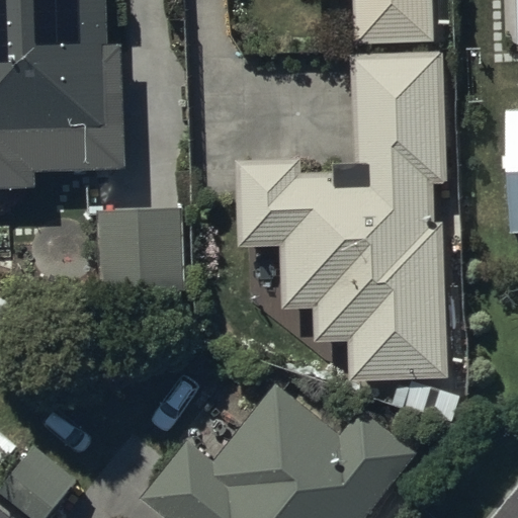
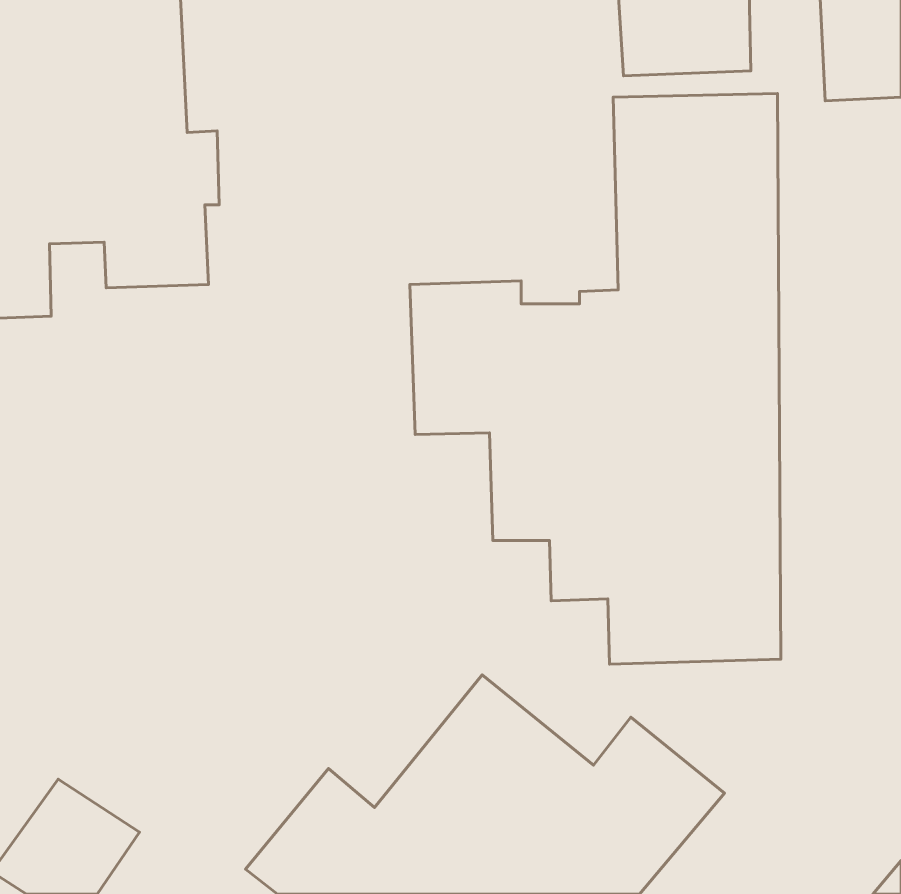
building: [97,209,184,293] -> none

